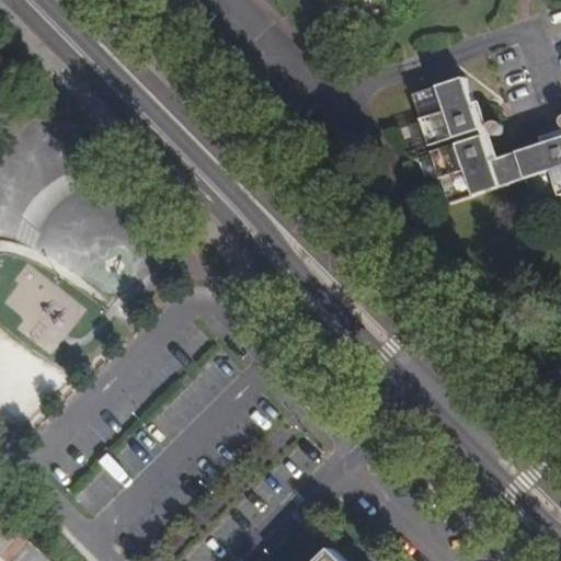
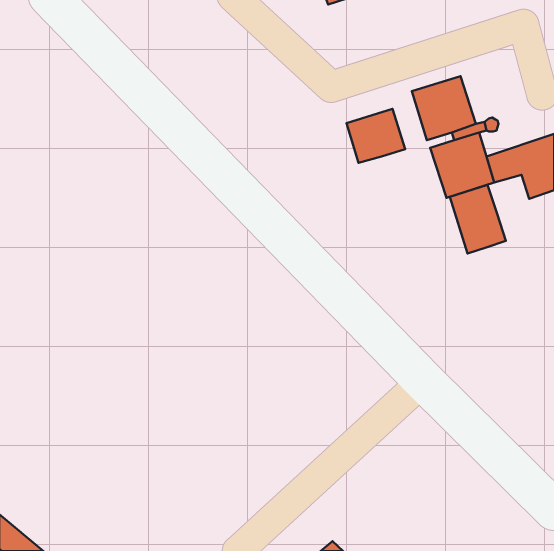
building: none -> [347,109,405,163]
building: none -> [450,185,506,253]

